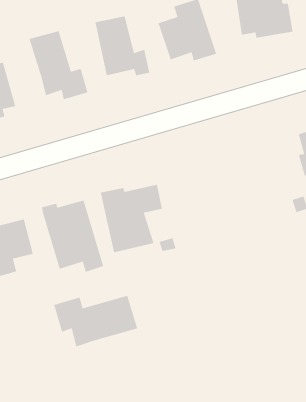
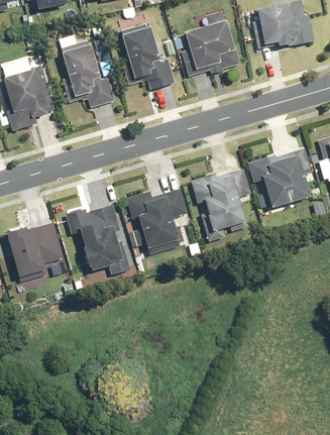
building: none -> [249,148,316,206]
building: none -> [190,169,251,240]
building: [53,295,138,347] -> none

